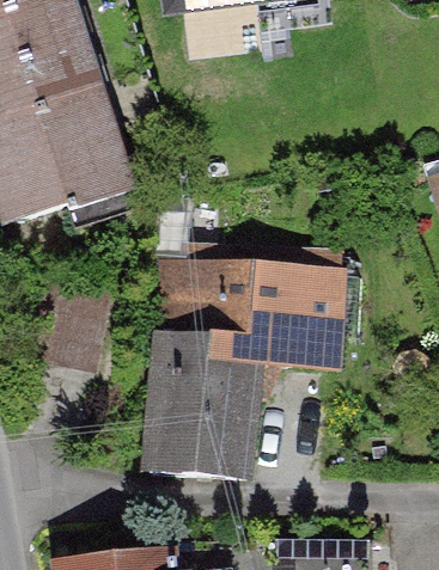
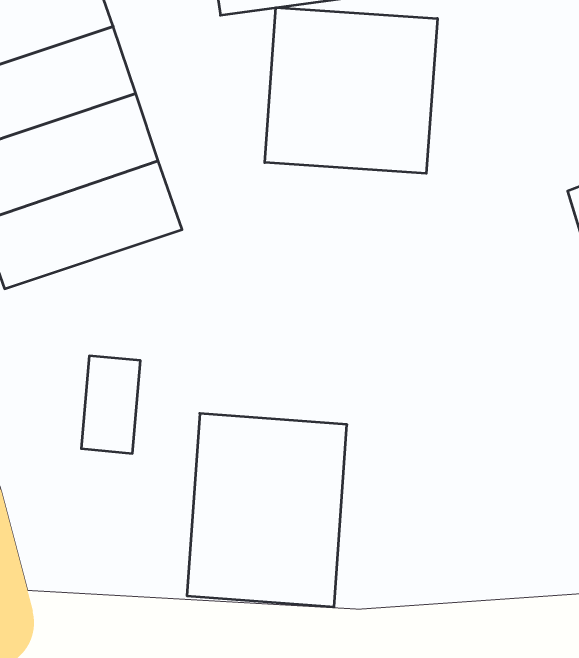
building: none -> [265,8,437,173]
building: [154,247,342,343] -> none

